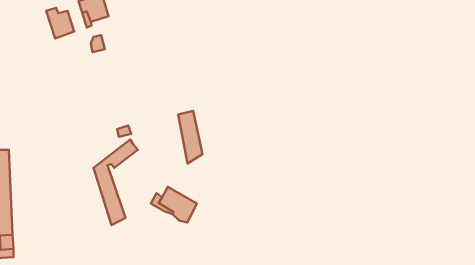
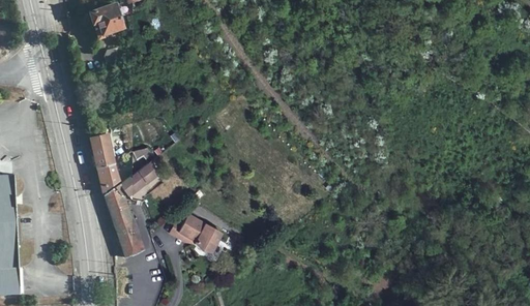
building: [46,8,74,39] -> none
building: [178,111,203,164] -> [91,135,118,193]

